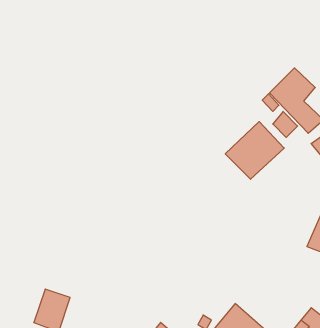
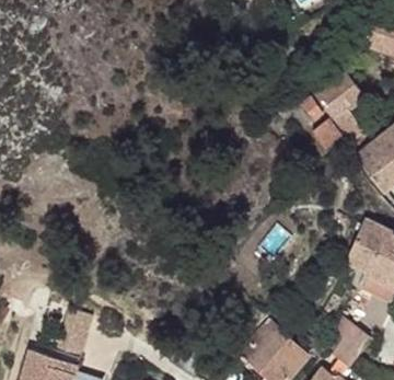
building: [225,122,284,179] -> none

